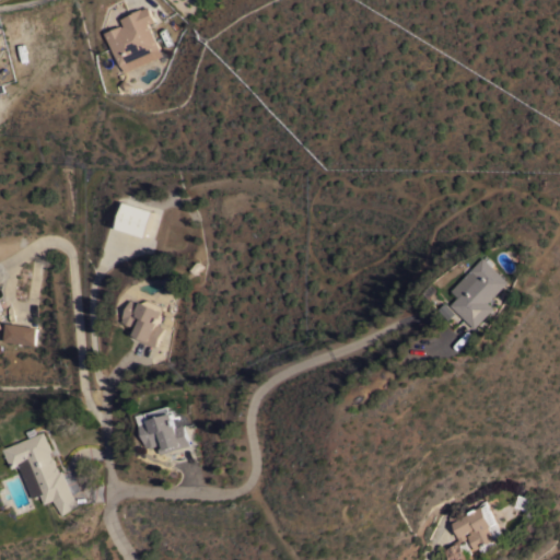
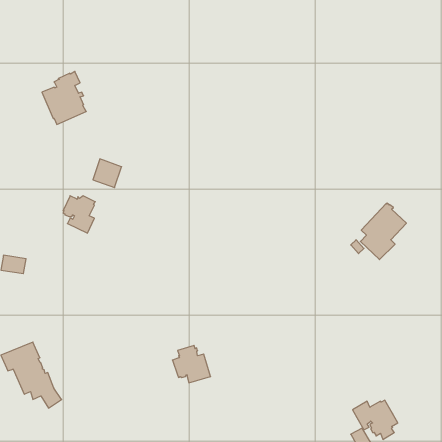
building: [104,8,160,74] -> [42,71,86,124]
building: [122,301,163,348] -> [63,196,95,233]
building: [140,408,188,455] -> [172,345,211,383]

